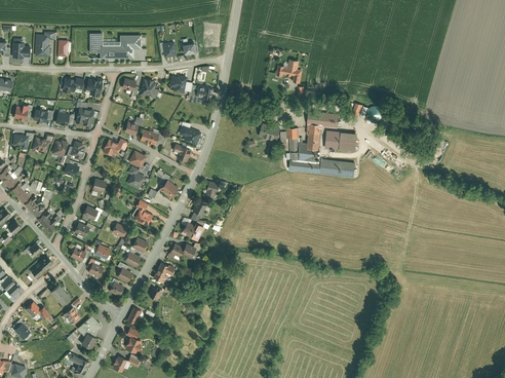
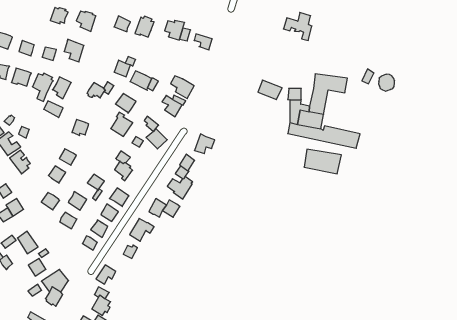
building: [324,133,357,152] -> [304,149,341,174]

